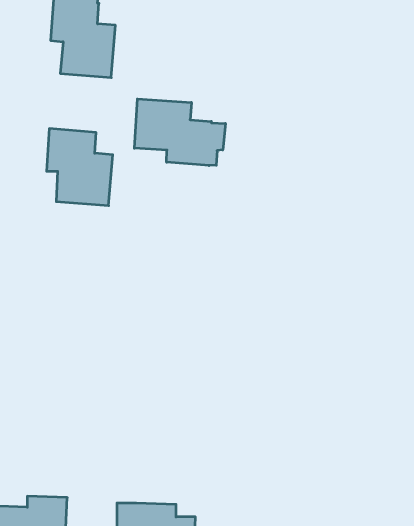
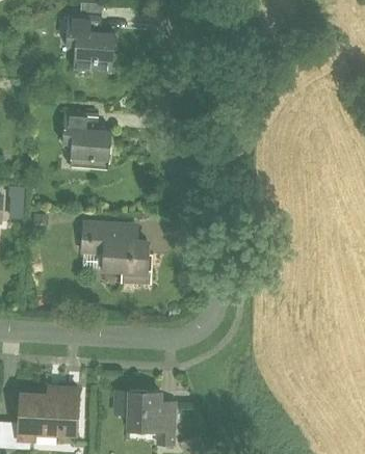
building: [134,99,225,166] -> none
building: none -> [84,222,153,284]

